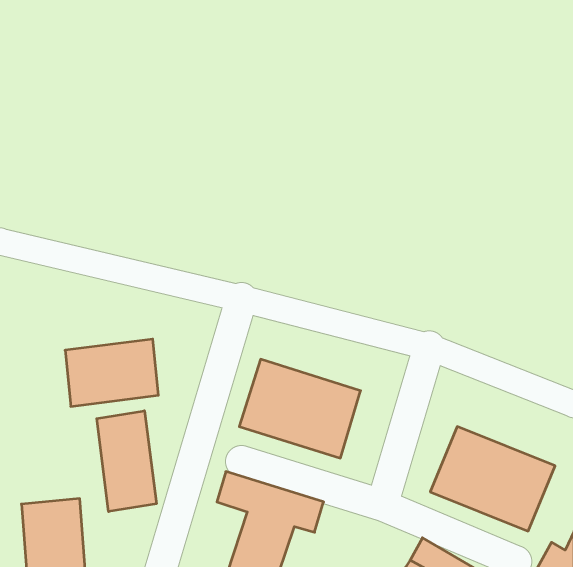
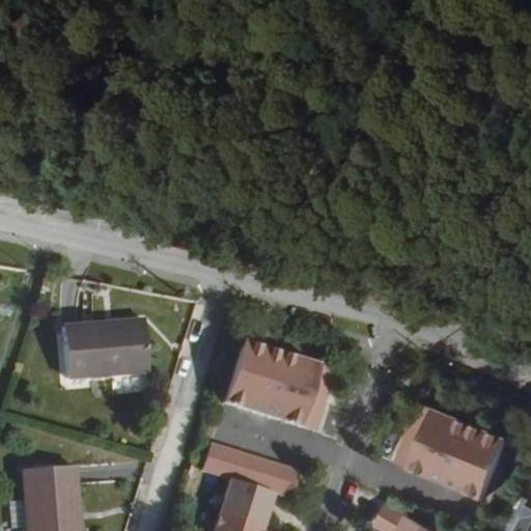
building: [97,411,156,512] -> none

